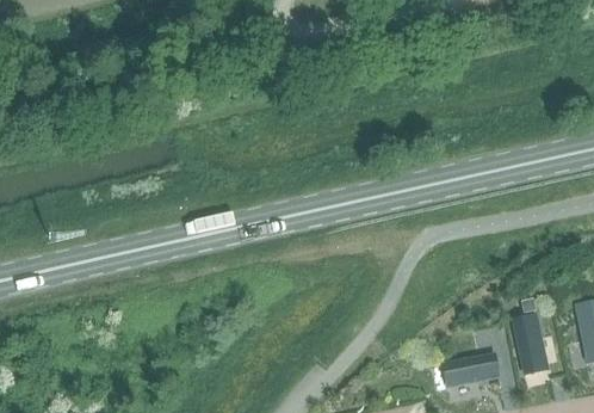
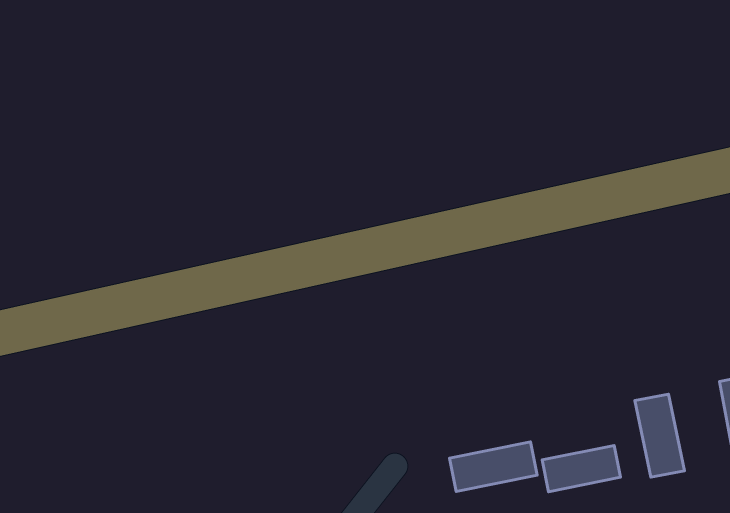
building: none -> [449,442,537,491]

